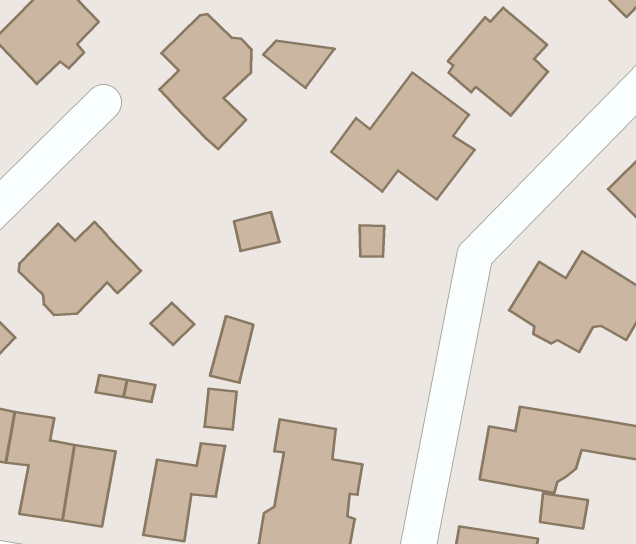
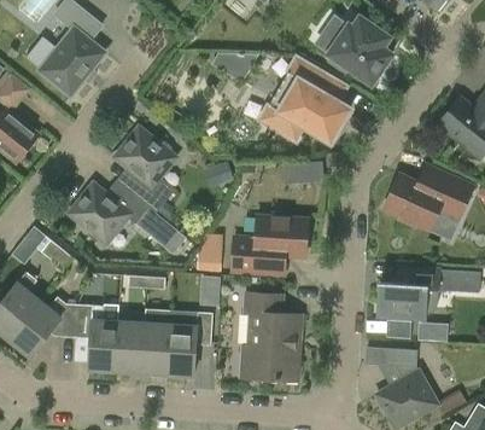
building: [159,14,252,149] -> [115,128,173,213]
building: none -> [232,213,308,273]
building: none -> [141,322,171,373]

